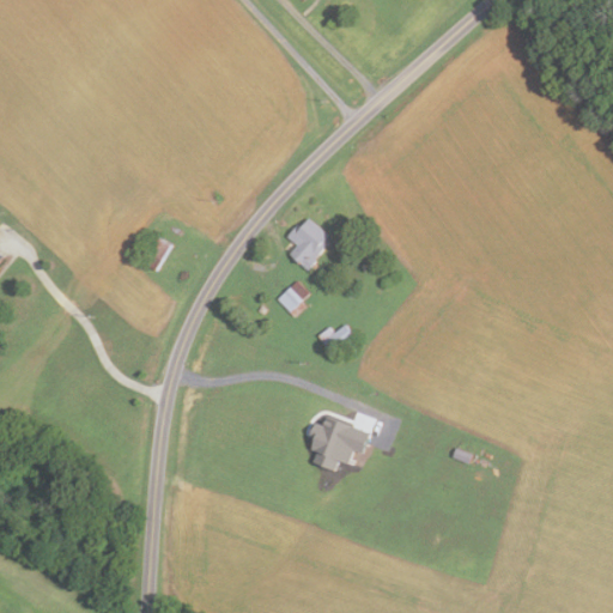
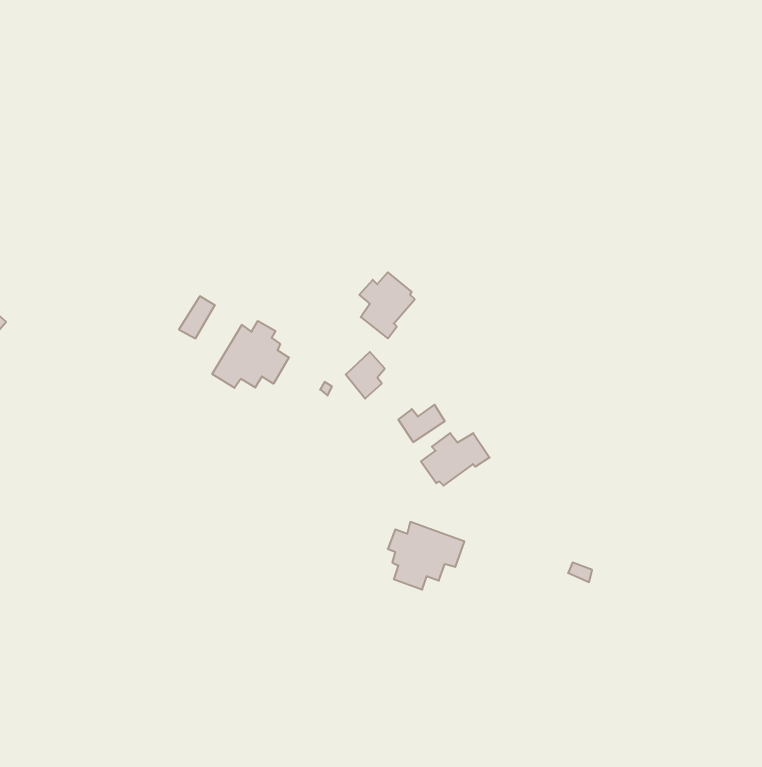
building: none -> [212,321,289,388]
building: none -> [421,433,490,486]

